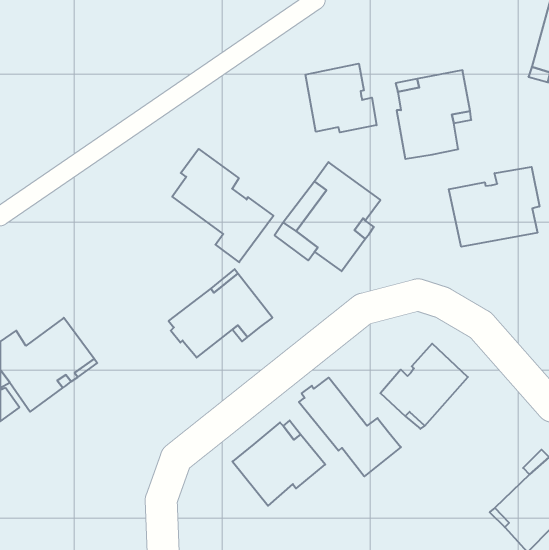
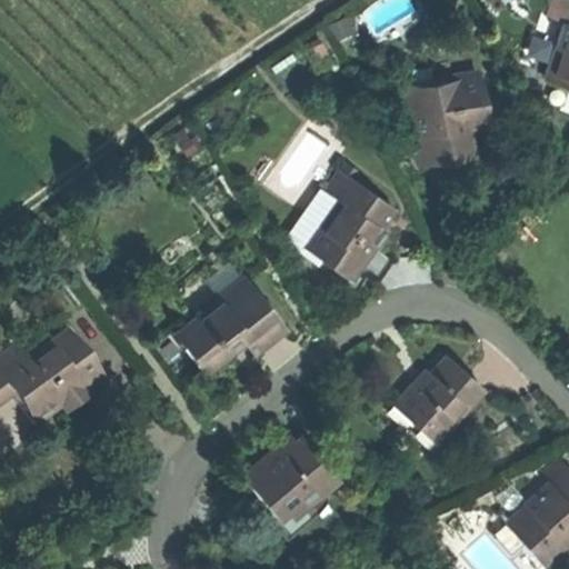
building: [305,64,377,132] -> none
building: [172,149,273,262] -> none
building: [449,167,539,247] -> none
building: [299,378,401,476] -> none

